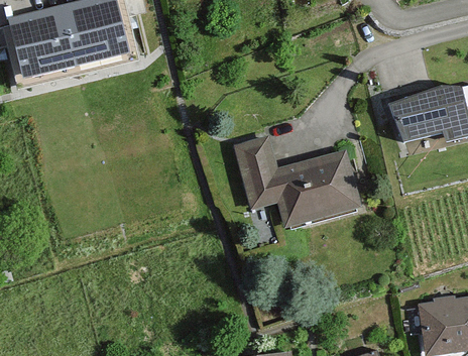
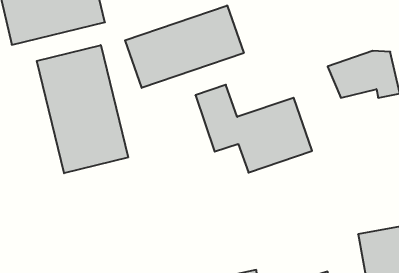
building: none -> [125,5,244,88]
building: none -> [37,45,128,173]

